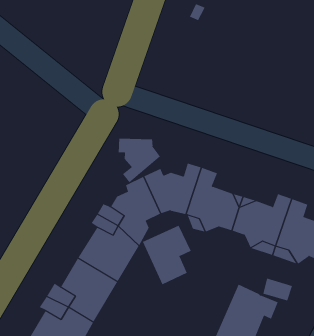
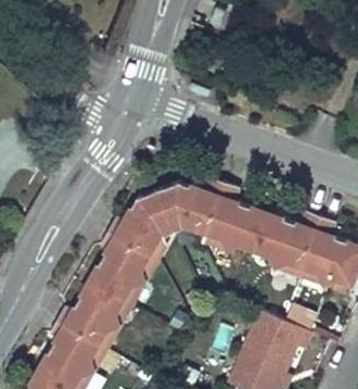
building: [118,138,161,183] -> none
building: [142,225,191,285] -> none

